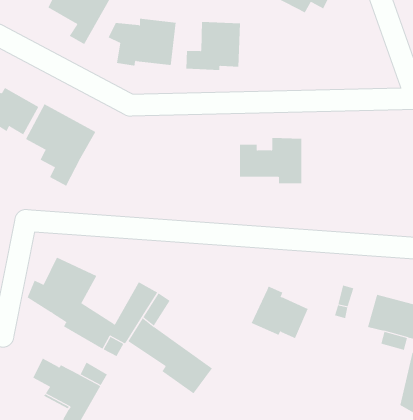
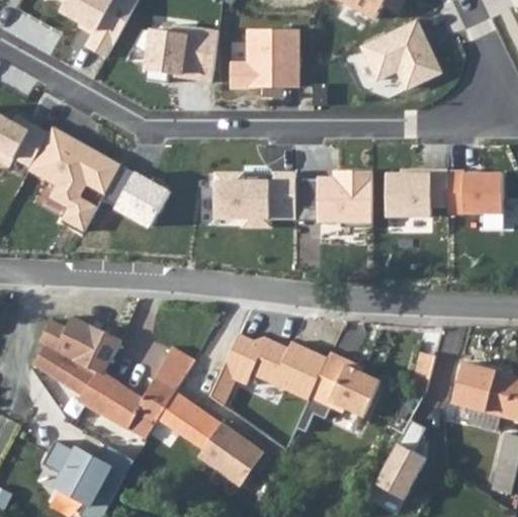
building: none -> [361,20,439,87]
building: none -> [101,163,170,230]
building: none -> [385,168,430,218]
building: none -> [448,169,501,211]
building: none -> [213,172,294,227]
building: none -> [209,333,328,405]
building: none -> [374,418,426,498]

